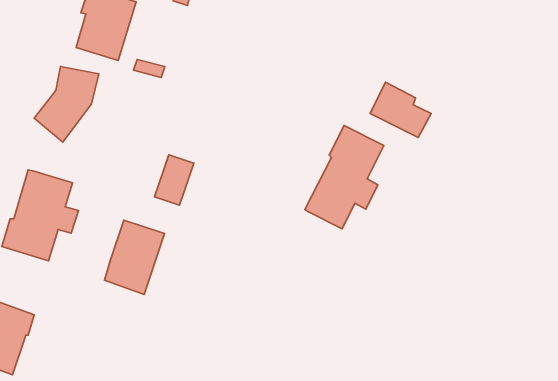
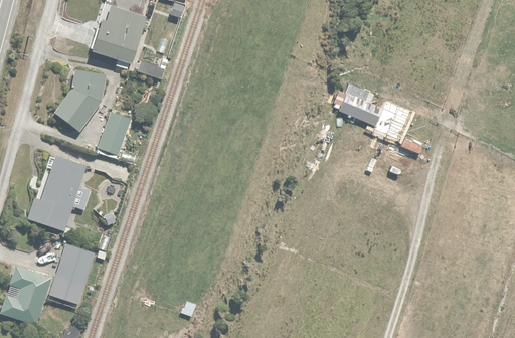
building: [305,126,384,229] -> none
building: [154,155,194,205] -> [98,113,131,155]
building: [105,220,165,295] -> [49,243,100,306]

